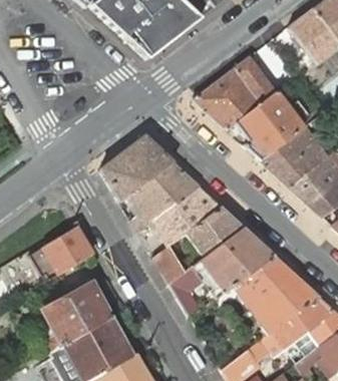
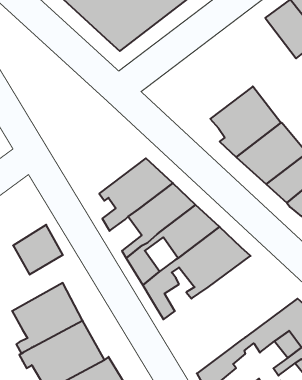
building: [193,55,276,129] -> none
building: [100,135,173,202] -> none
building: [233,256,319,337] -> none

